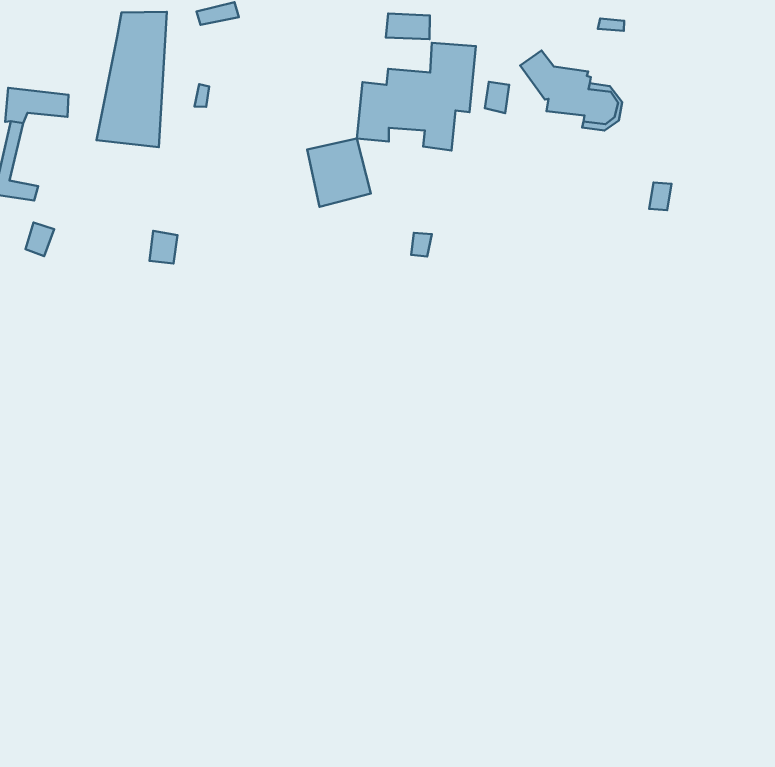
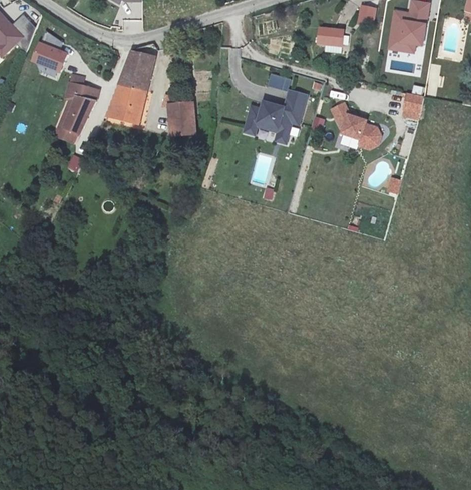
building: none -> [400,93,422,119]
building: none -> [62,96,96,136]
building: [307,138,371,207] -> [169,104,198,136]

